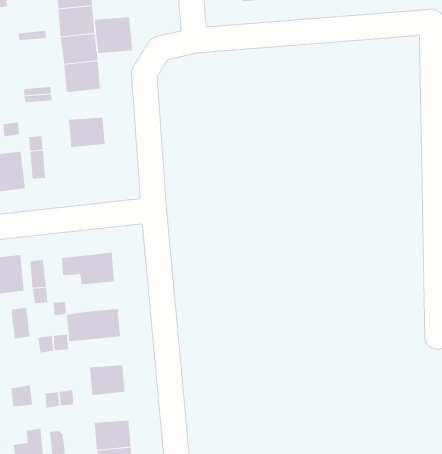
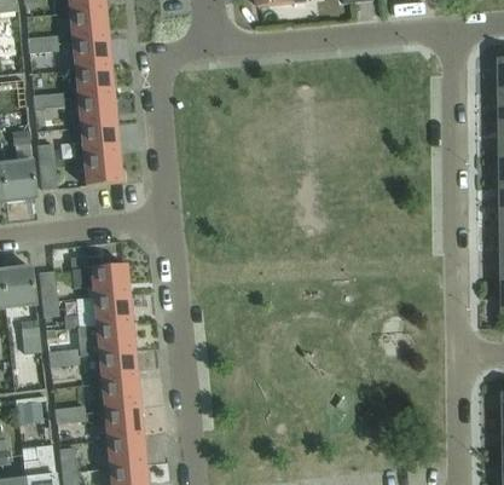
building: [94,16,133,54] -> none
building: none -> [76,94,115,126]
building: none -> [81,151,121,184]
building: none -> [92,293,131,324]
building: none -> [97,350,135,381]
building: none -> [103,406,141,438]

